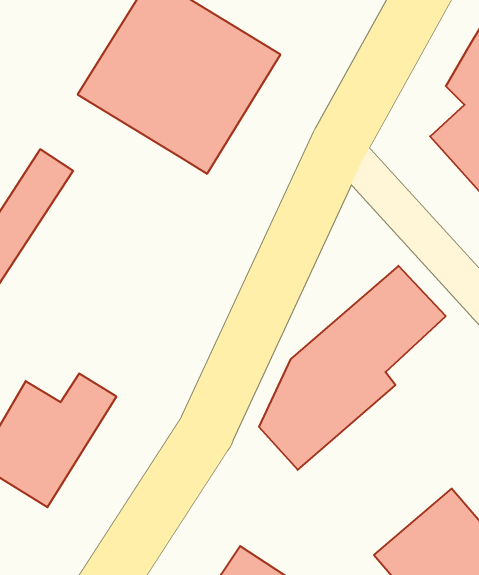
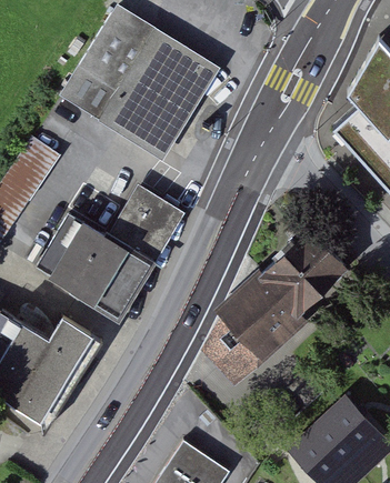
building: none -> [34,187,182,319]

